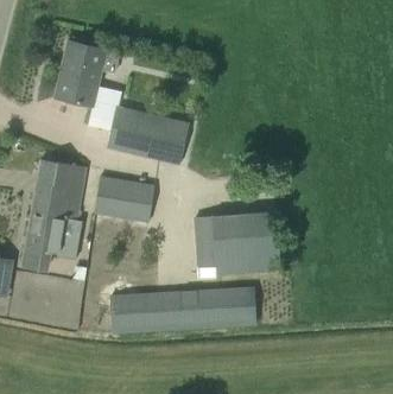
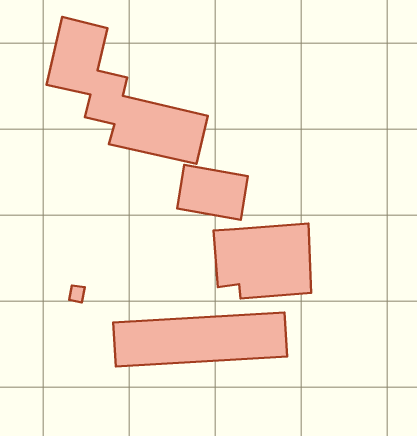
building: [23,159,84,271] -> none
building: [95,177,154,223] -> [177,165,248,220]

